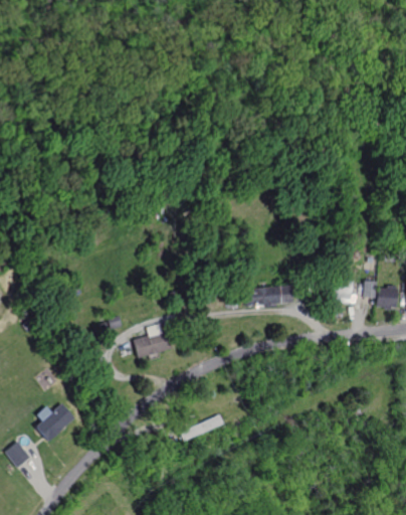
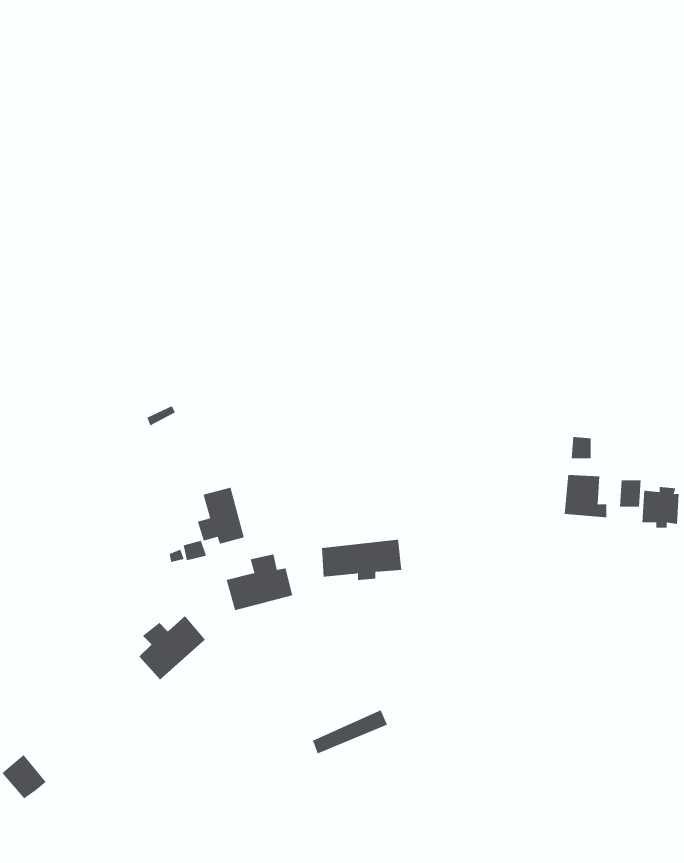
building: [246,285,293,309] -> [321,539,402,581]
building: none -> [197,487,244,545]
building: [35,403,74,442] -> [139,615,206,681]

